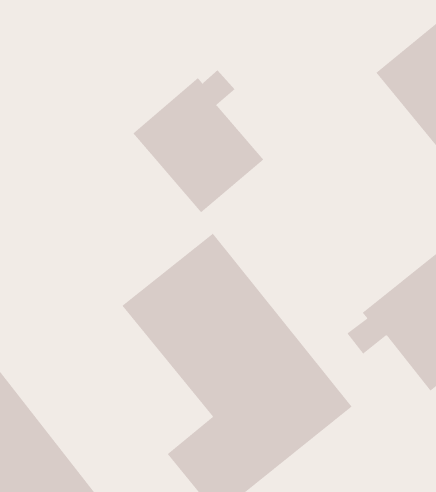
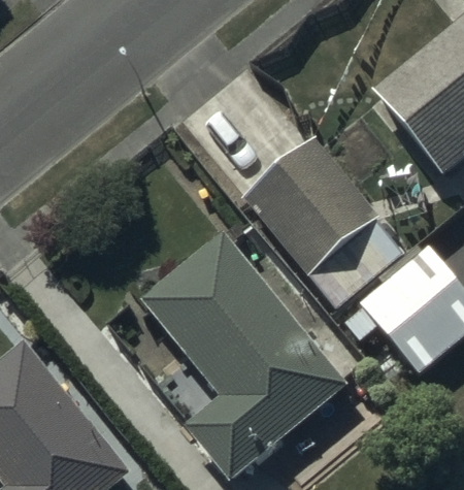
building: [132,69,264,213] -> none
building: none -> [241,139,401,307]

